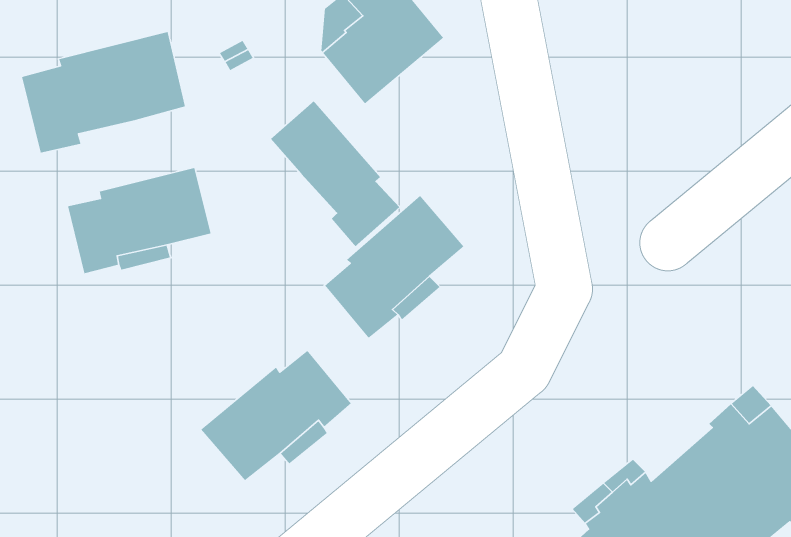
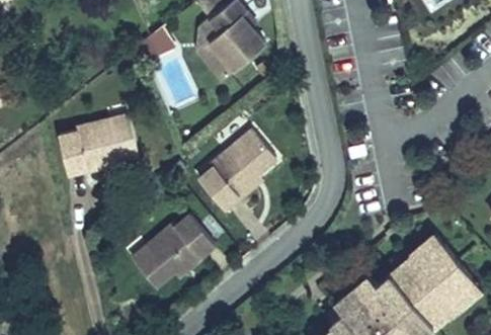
building: [21,31,186,153] -> none
building: [270,100,400,247] -> none

